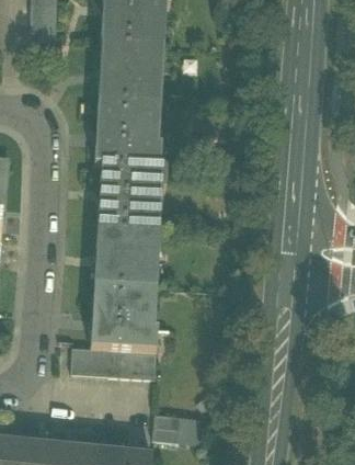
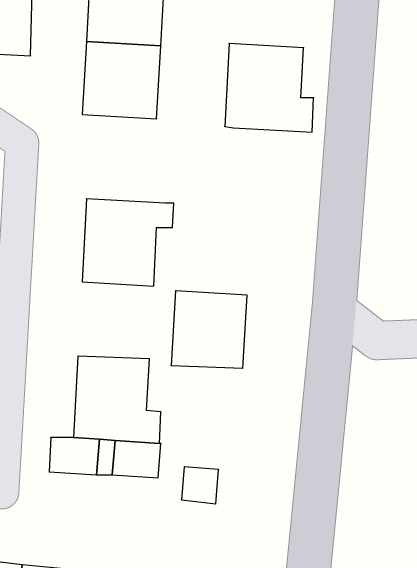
building: [94,99,162,167] -> [225,43,314,132]
building: [94,227,152,286] -> [171,291,247,368]
building: [154,413,183,442] -> [181,467,219,504]

